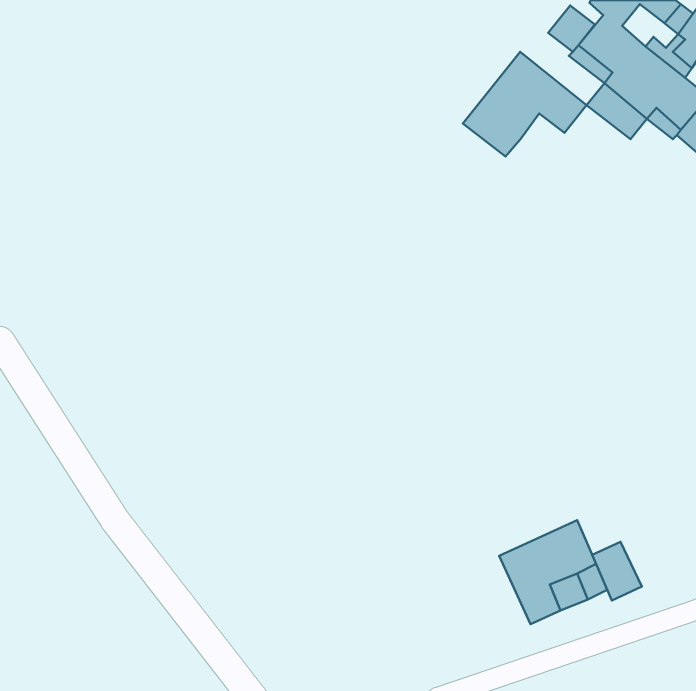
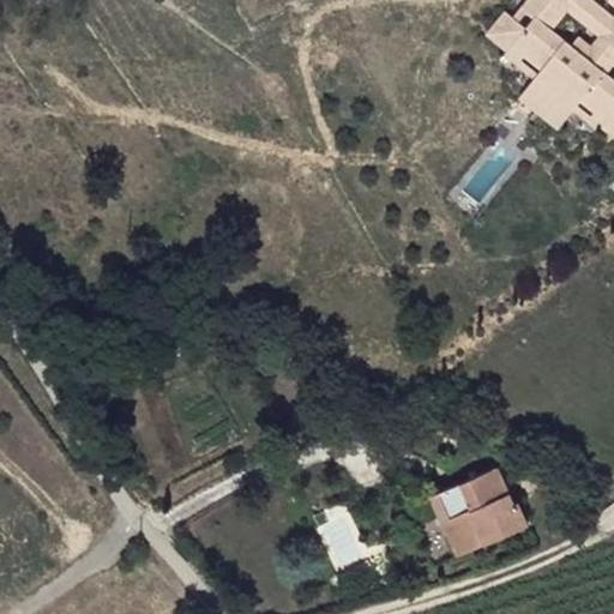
building: [463,52,587,157] -> none
building: [592,542,642,600] -> none

